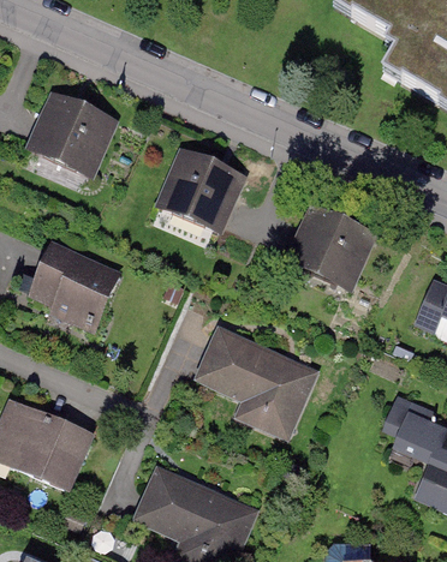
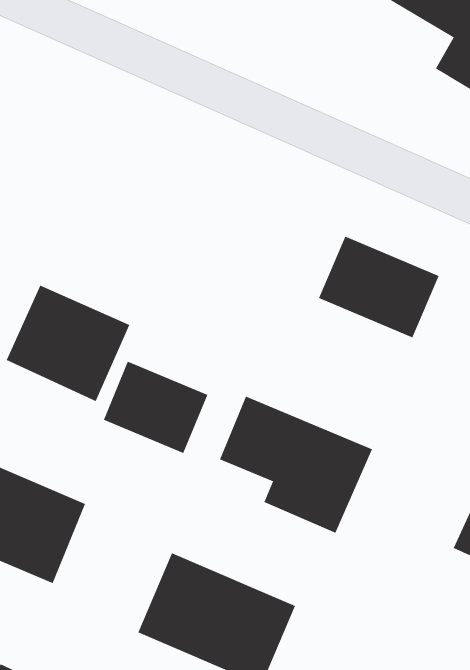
building: [29,89,112,172] -> none
building: [154,143,242,227] -> none
building: none -> [103,361,208,454]

